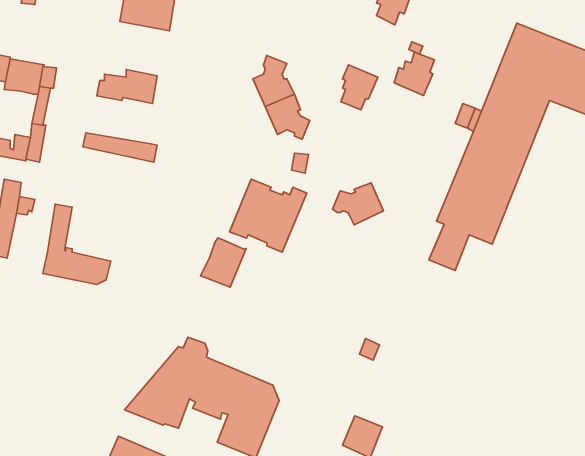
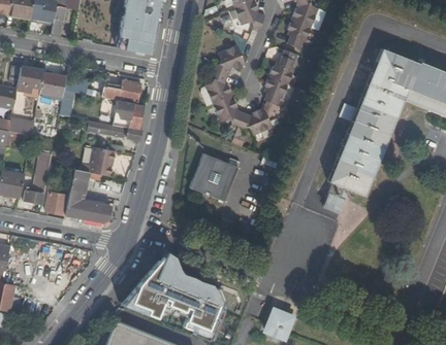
building: none -> [215,44,246,75]
building: [394,52,434,95] -> [269,56,296,84]
building: none -> [113,101,144,130]
building: none -> [85,146,113,175]
building: [332,183,383,225] -> [238,108,273,136]
building: [200,238,246,287] -> none
building: none -> [45,192,68,215]

